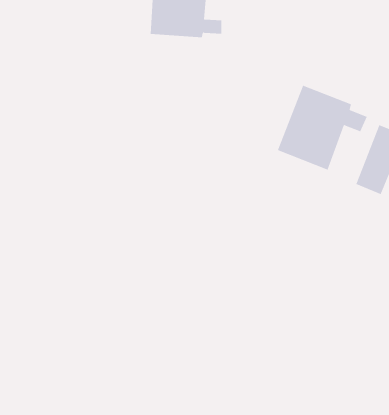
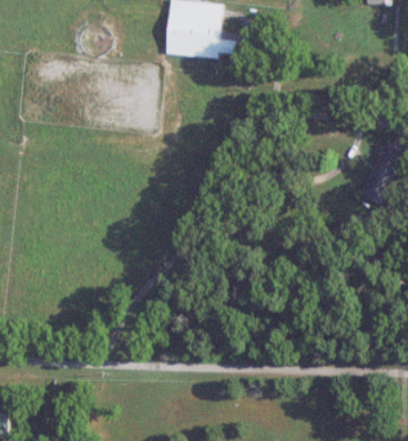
building: [277,85,367,171] -> none

